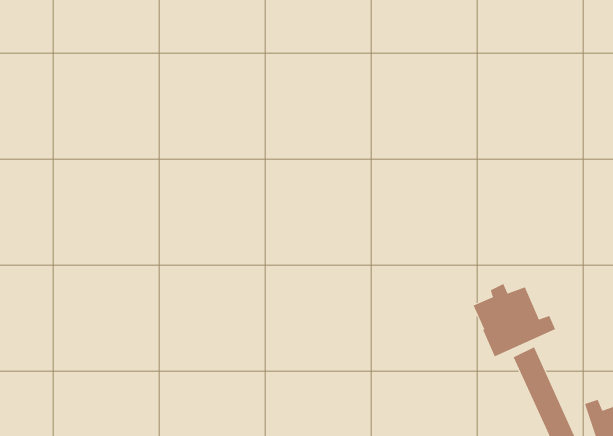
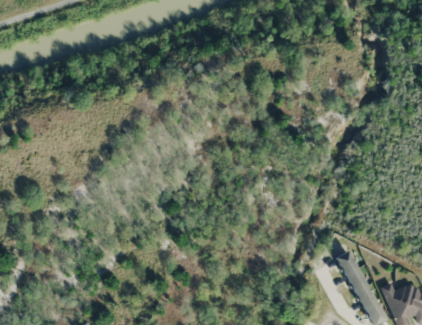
building: [473,283,556,357] -> none

